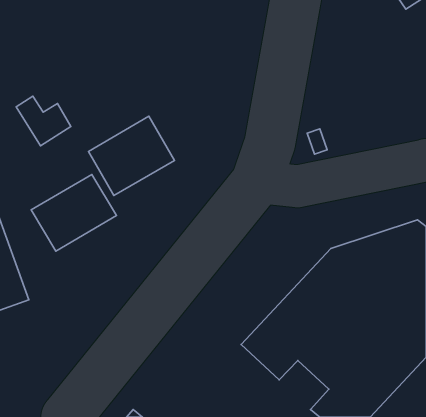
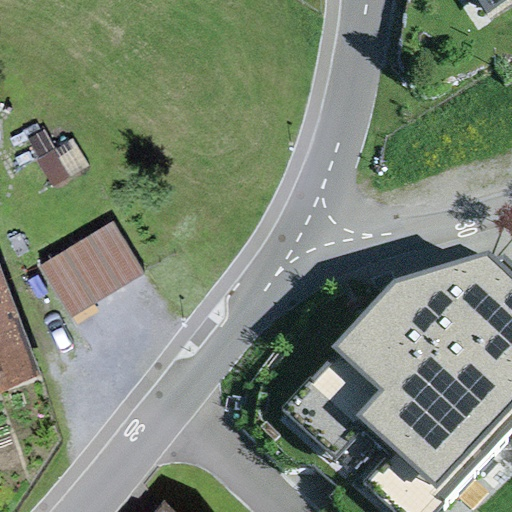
building: [89,116,174,196] -> none

